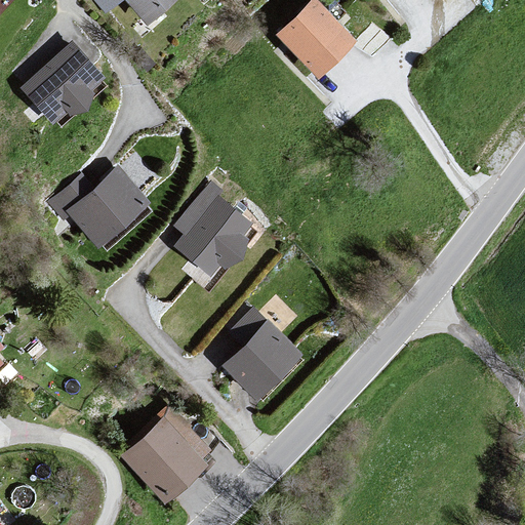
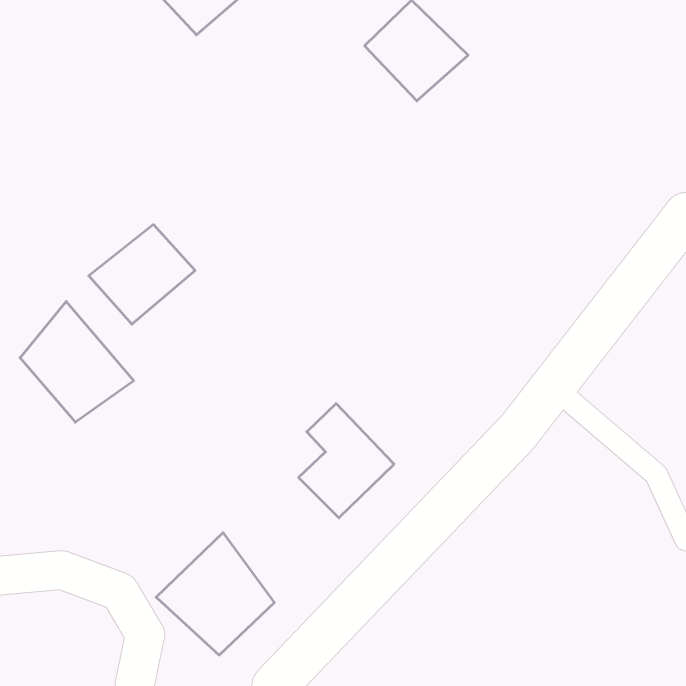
building: [22,44,107,124] -> none
building: [170,178,251,274] -> none
building: none -> [20,301,134,422]

